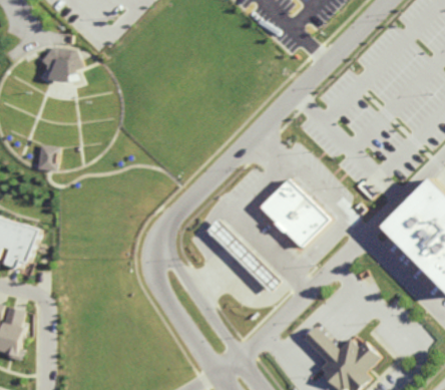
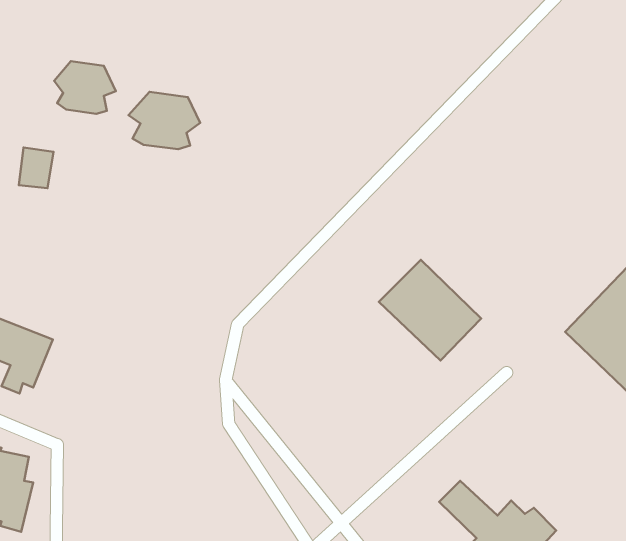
building: none -> [128,92,200,149]
building: [36,144,59,171] -> [19,147,53,188]
building: [205,219,280,293] -> none

